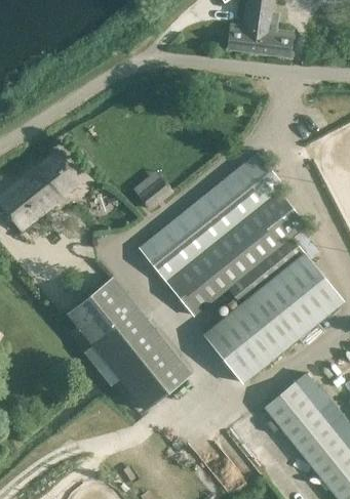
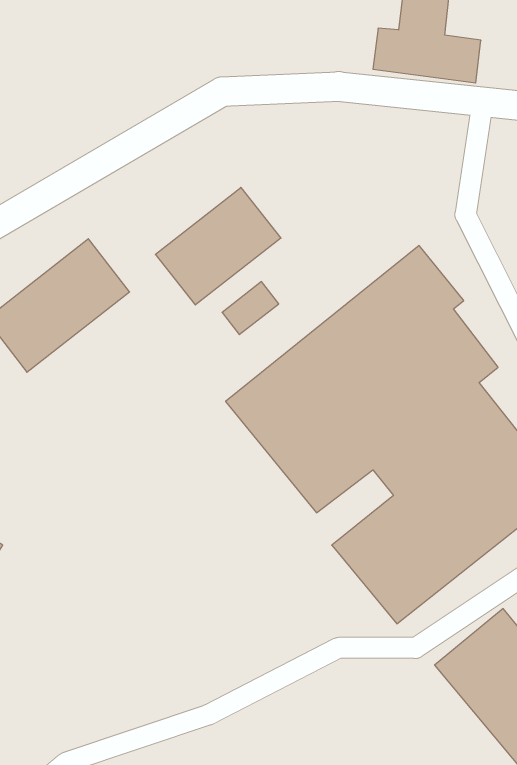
building: none -> [155,187,281,305]
building: [68,277,190,409] -> none

